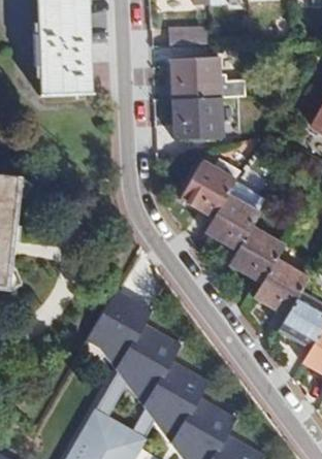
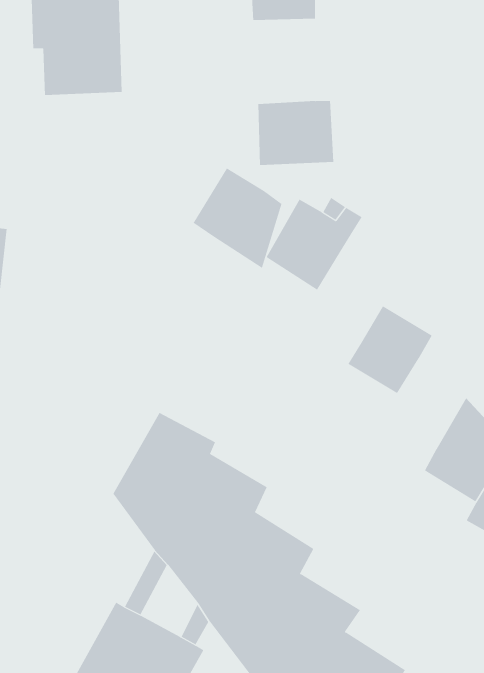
building: [173,60,221,101] -> none
building: none -> [193,167,282,269]
building: [206,193,260,249] -> none
building: [255,259,307,315] -> none

